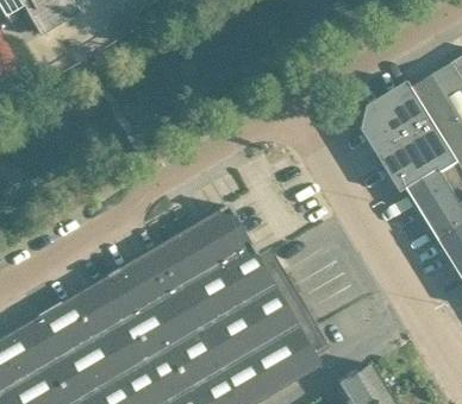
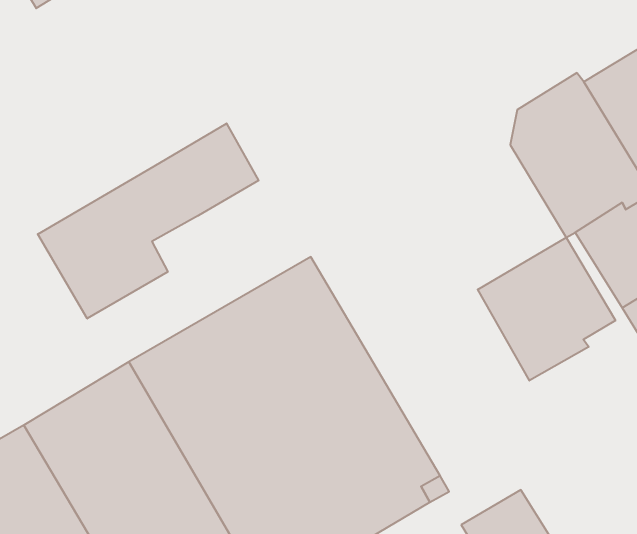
building: none -> [38,123,259,319]
building: none -> [478,238,615,381]

